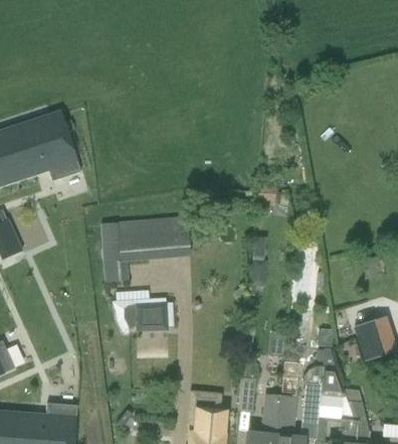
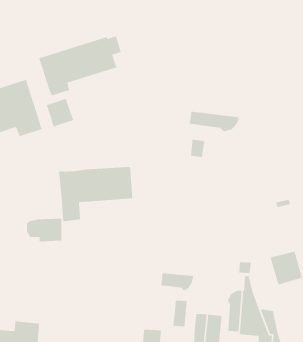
building: none -> [38,35,122,96]
building: none -> [46,98,74,127]
building: none -> [189,111,240,132]
building: [124,302,167,331] -> [26,218,62,242]
building: none -> [161,272,194,292]

